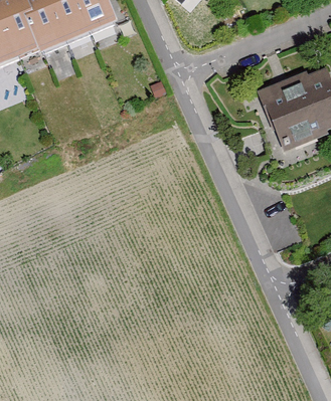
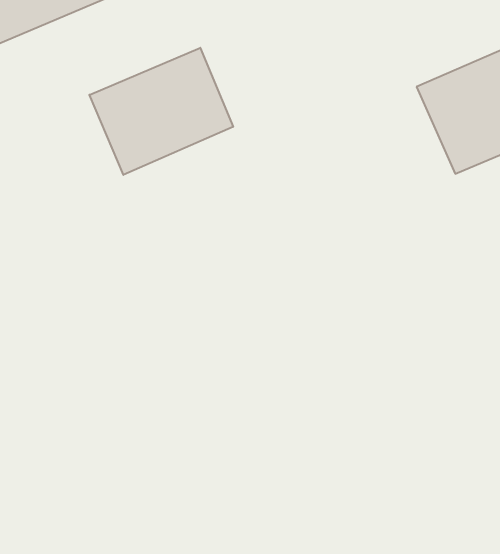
building: none -> [89,48,233,175]

